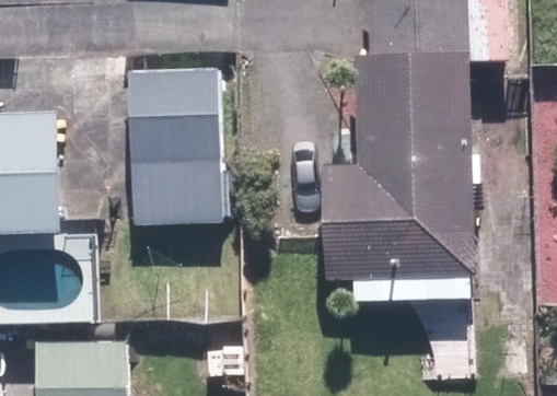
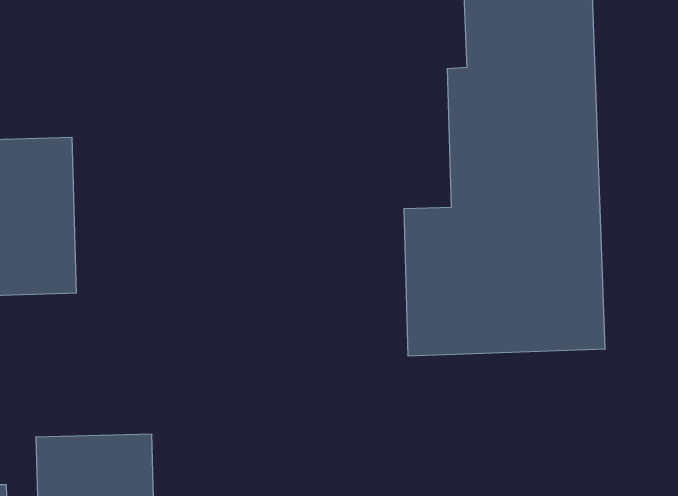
building: [128,67,220,225] -> none

